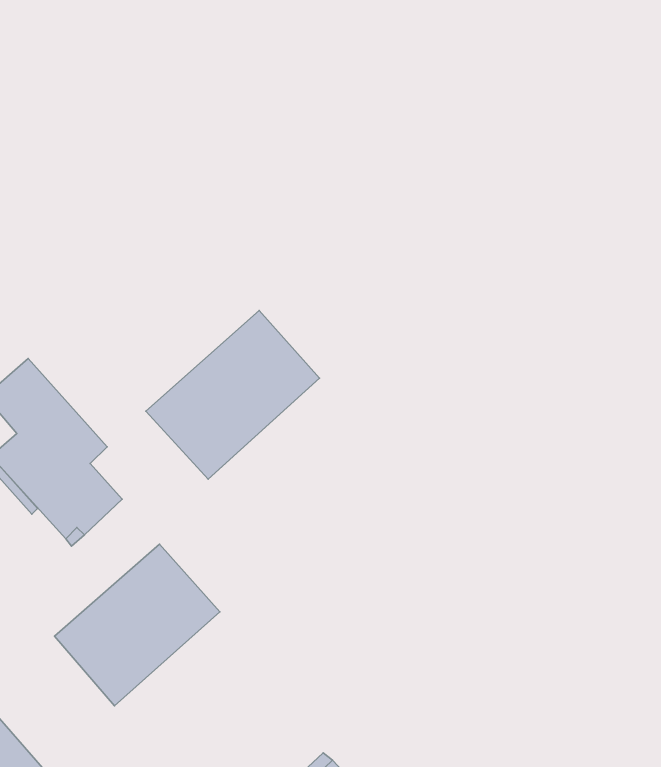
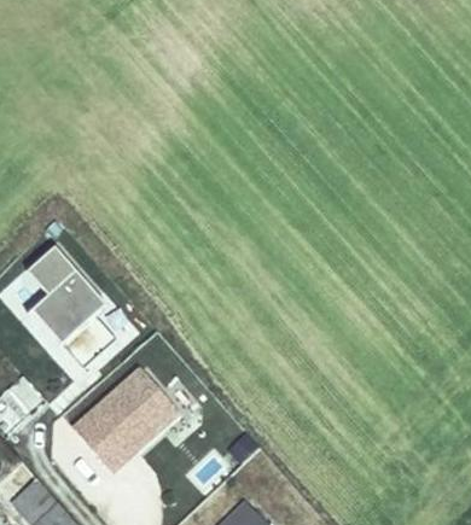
building: [146,311,319,479] -> none

